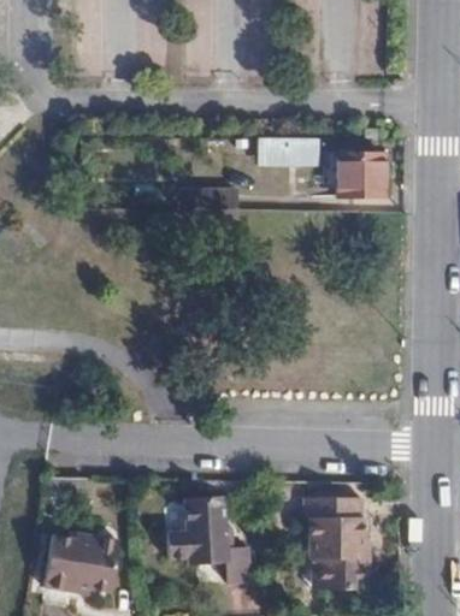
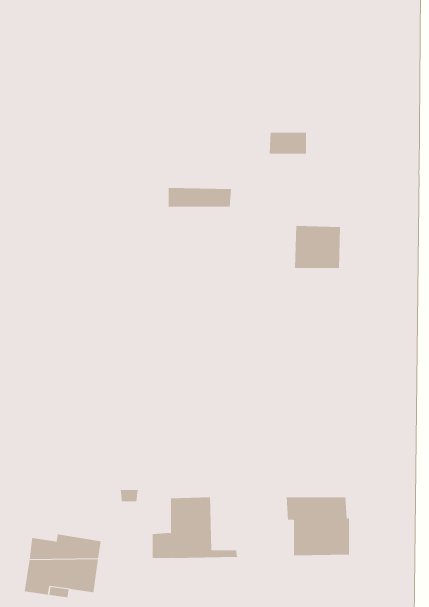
building: [337,154,383,196] -> [294,226,341,269]
building: [306,552,368,588] -> none
building: [187,555,253,585] -> none

